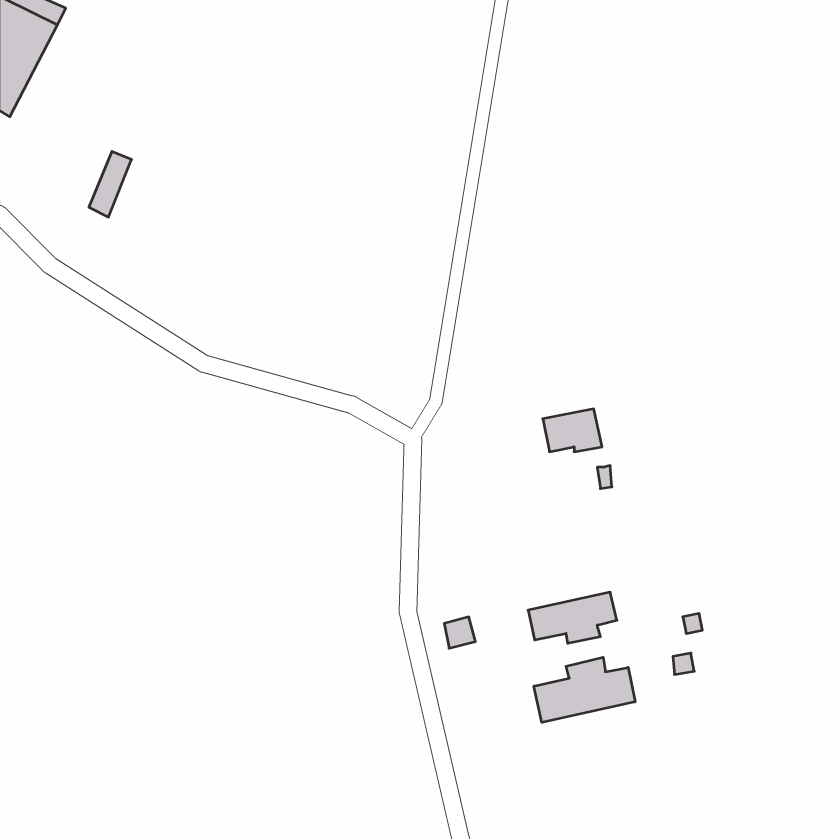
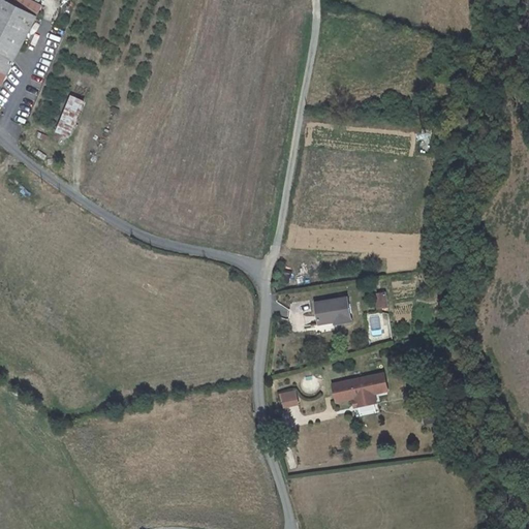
building: [543,409,602,452] -> [314,297,351,323]
building: [534,657,635,722] -> none

